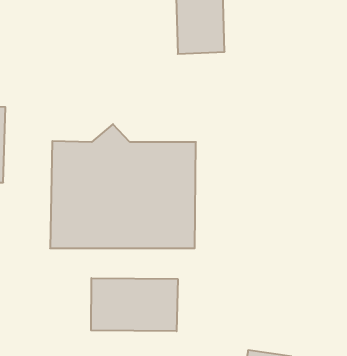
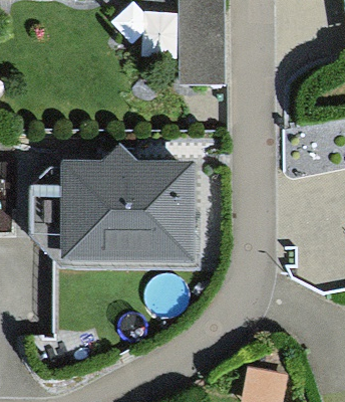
building: [91,278,178,331] -> none

